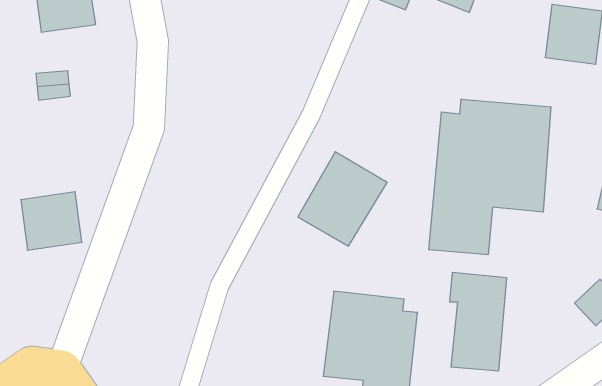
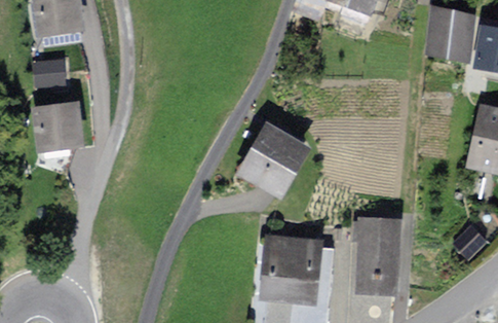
building: [429,99,551,255] -> none
building: [21,192,82,250] -> [35,102,82,147]

